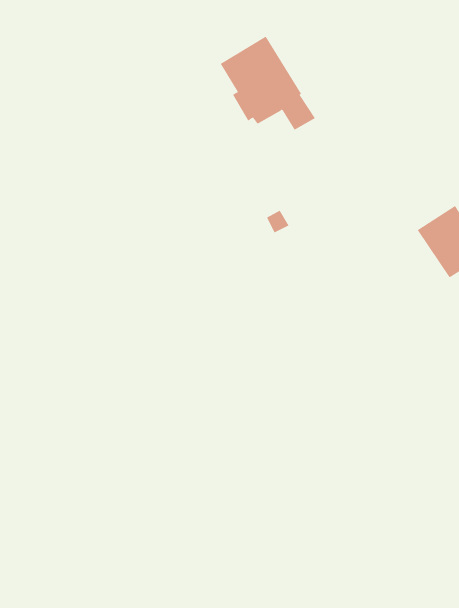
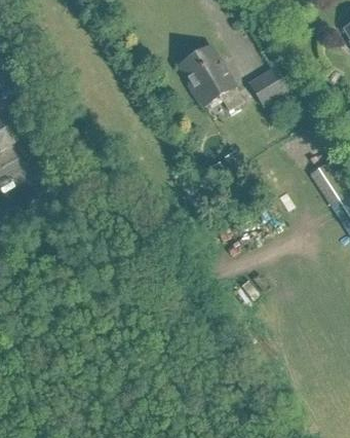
building: none -> [249,66,288,105]

